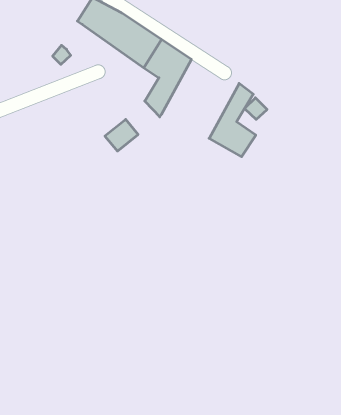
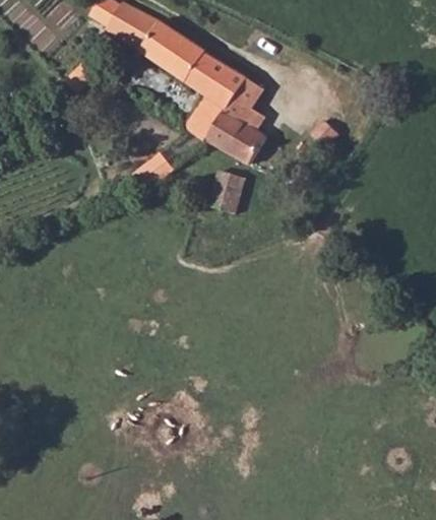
building: [209,83,256,157] -> [207,74,264,164]
building: none -> [210,174,244,214]

